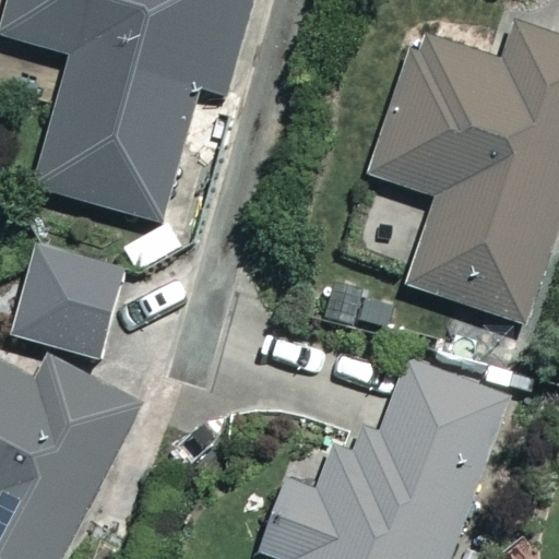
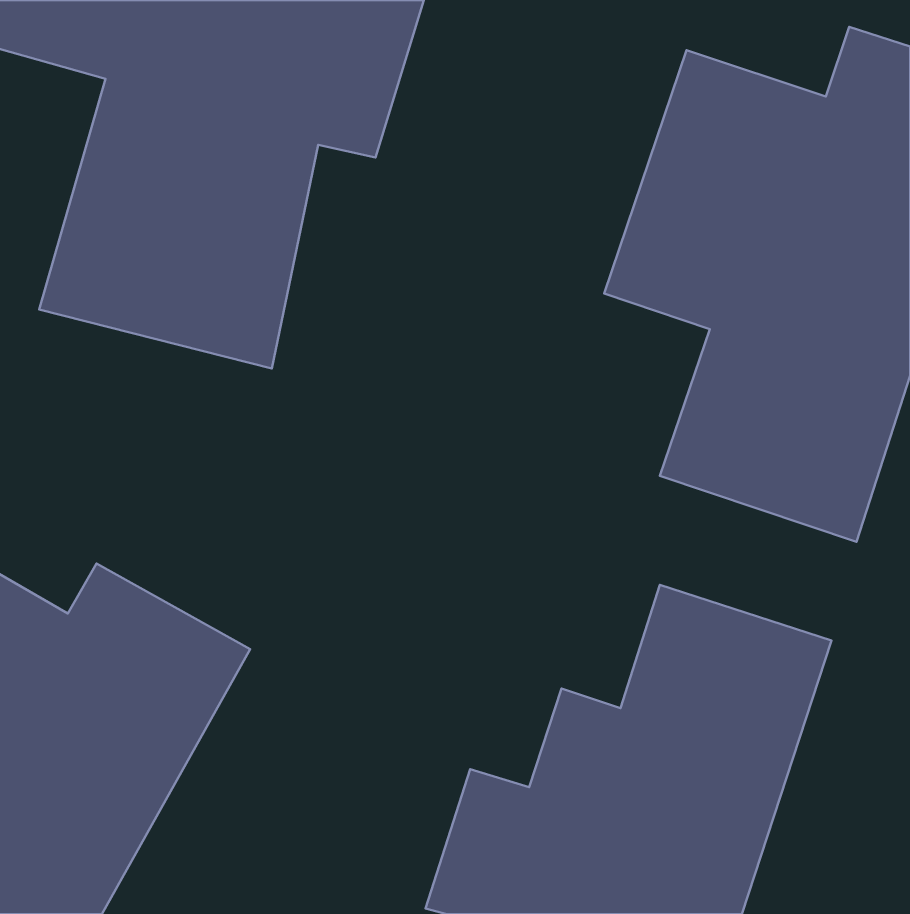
building: [11,241,121,355] -> none

